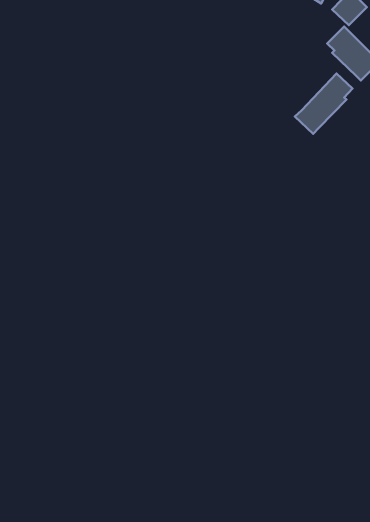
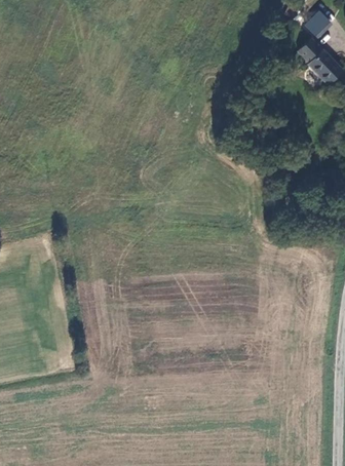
building: [295,73,353,134] -> none

